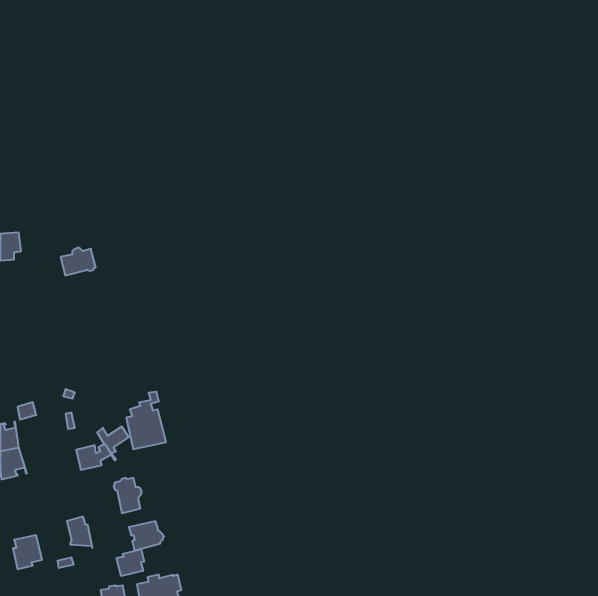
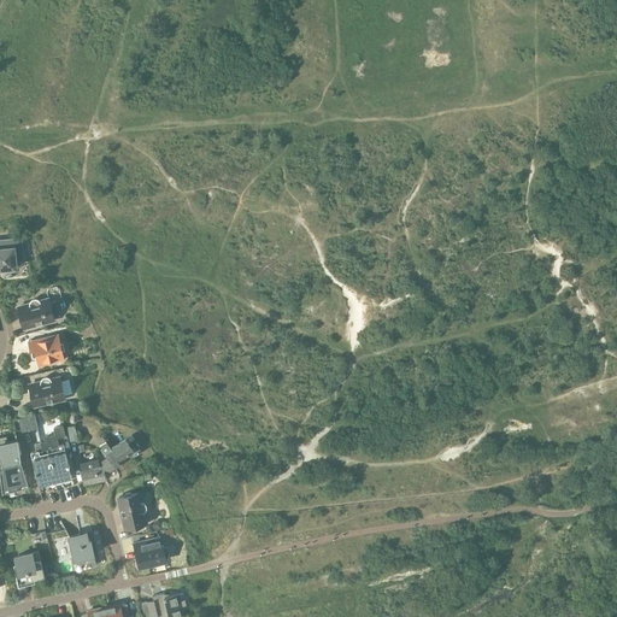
building: [61,248,96,276] -> [17,300,53,329]
building: none -> [28,336,63,366]
building: none -> [28,378,64,406]
building: [126,392,166,449] -> [30,428,71,487]
building: [116,549,144,576] -> none

